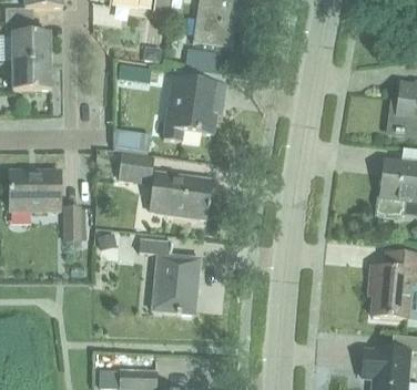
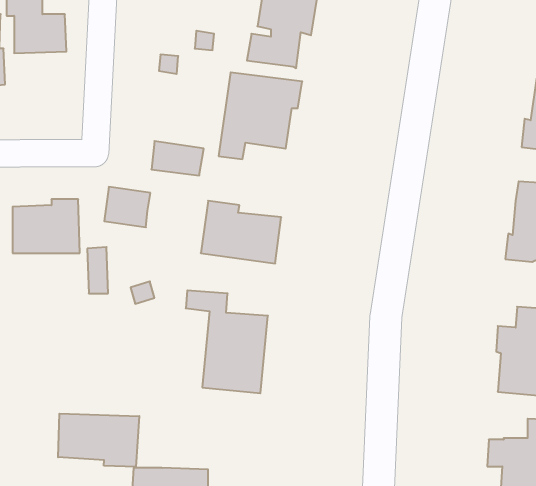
building: [11,60,50,89] -> none
building: [119,152,153,182] -> [104,187,150,227]
building: none -> [58,414,139,467]

